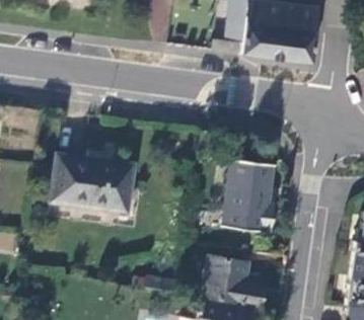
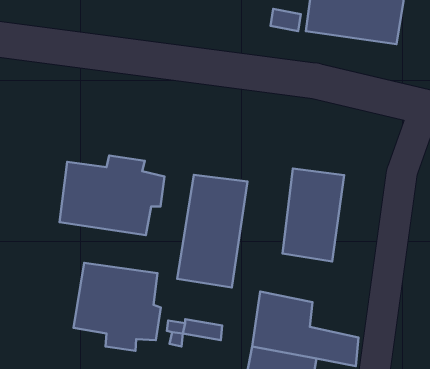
building: none -> [177,175,247,287]
building: none -> [73,263,161,351]

